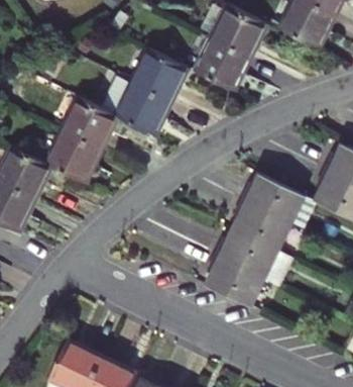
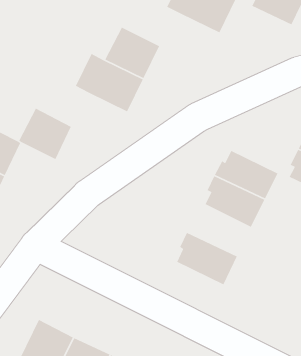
building: [192,37,247,90] -> none
building: [64,98,116,150] -> none
building: [214,227,278,279] -> none

